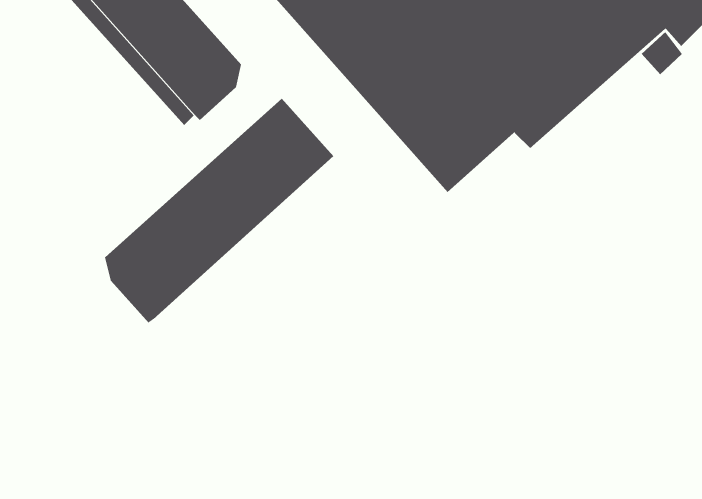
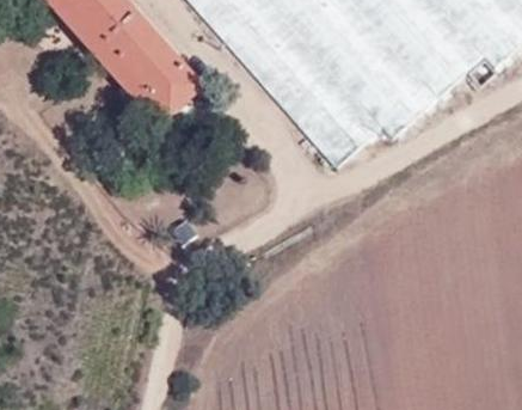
building: [104,98,334,324] -> none

